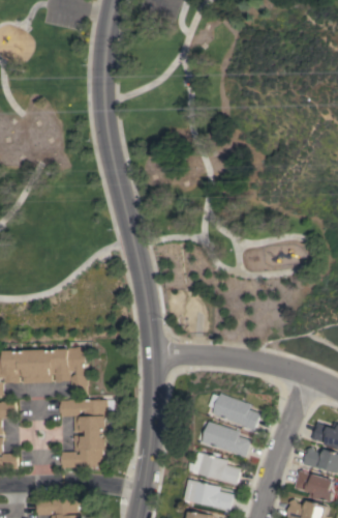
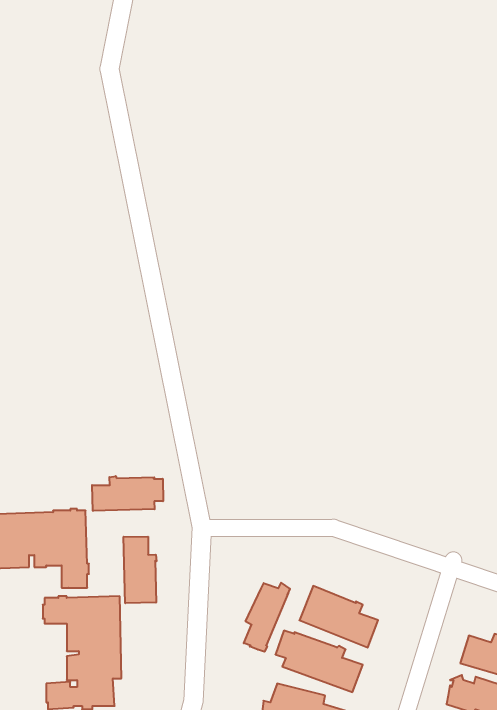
building: none -> [92,476,163,511]
building: none -> [124,537,156,603]
building: none -> [244,583,290,652]

